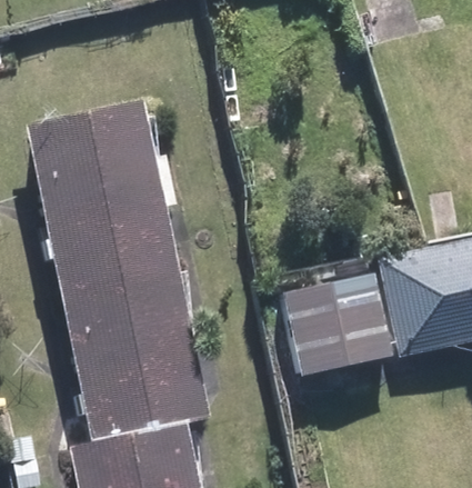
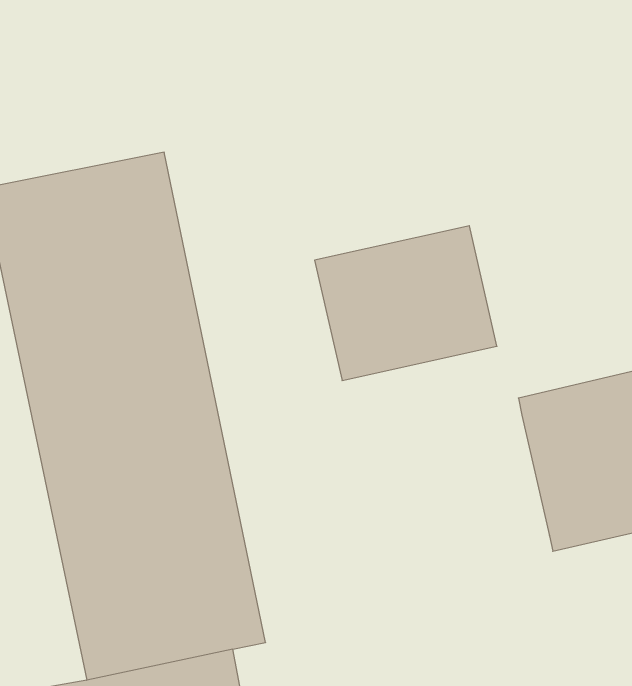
building: [274,271,392,371] -> [315,226,497,381]

